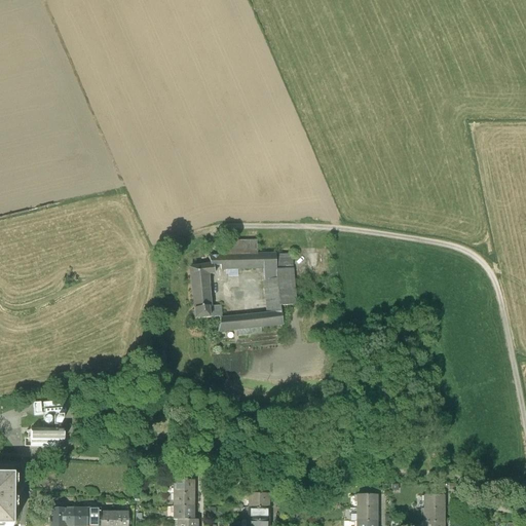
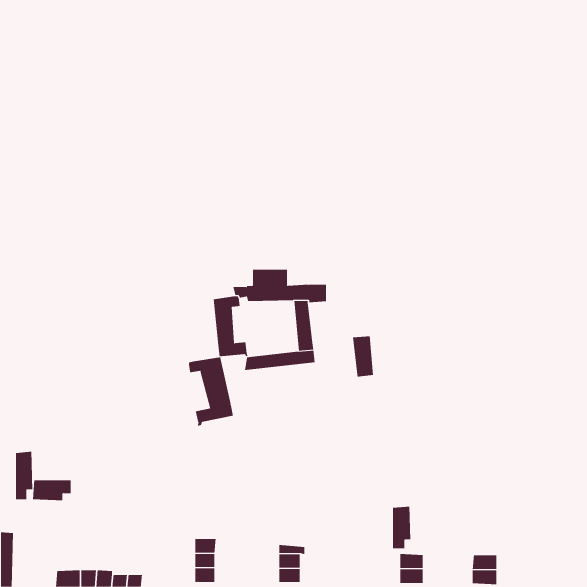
building: [276,269,296,306] -> [352,336,374,377]
building: none -> [188,357,234,427]
building: none -> [15,451,33,500]
building: none -> [393,506,411,549]

